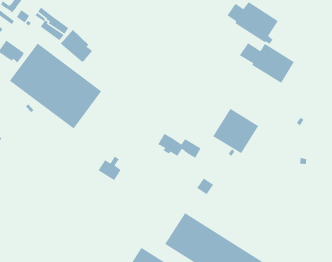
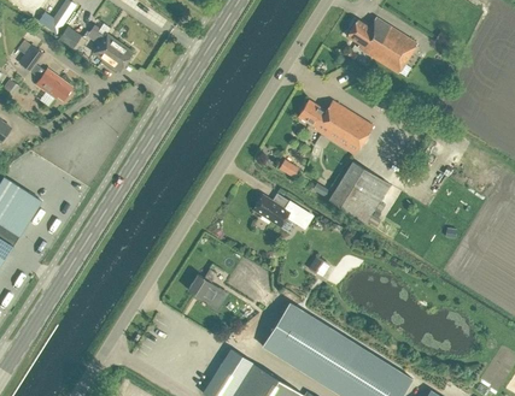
building: [60,29,93,63] -> none
building: [239,42,295,84] -> [297,99,373,155]
building: [9,42,102,130] -> none
building: [98,155,122,181] -> [187,270,220,305]

